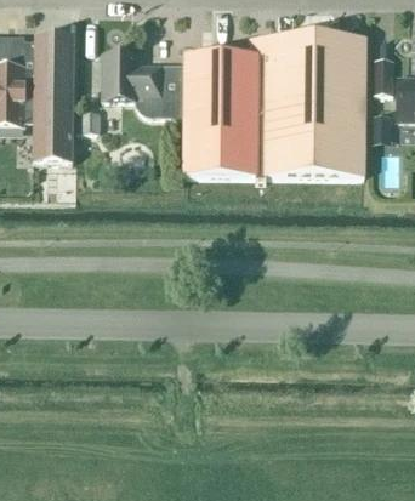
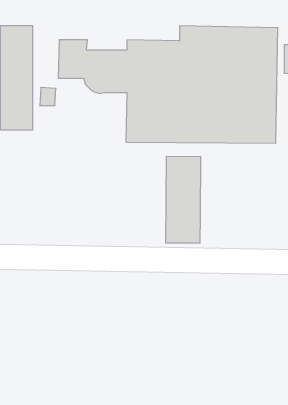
building: none -> [166,156,201,243]

